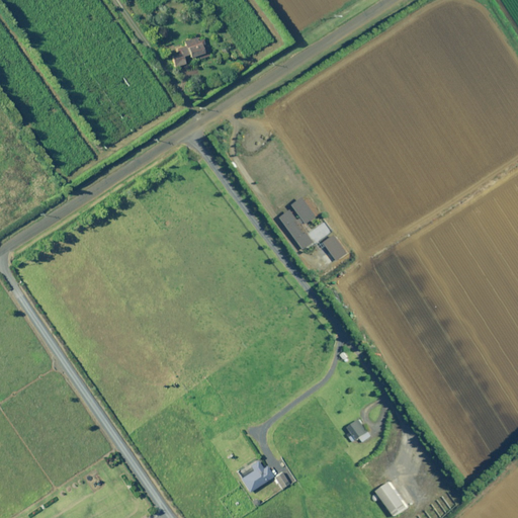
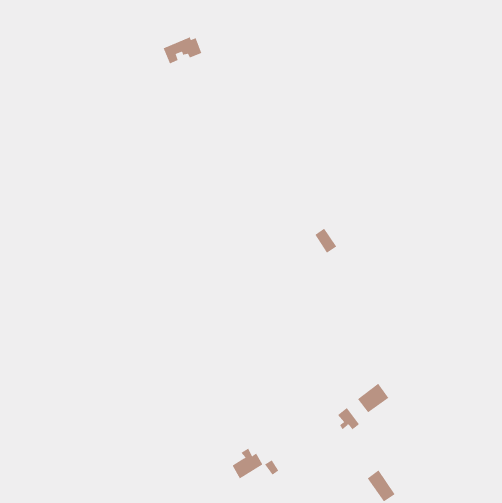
building: [280,196,317,249] -> none
building: none -> [357,383,389,413]

